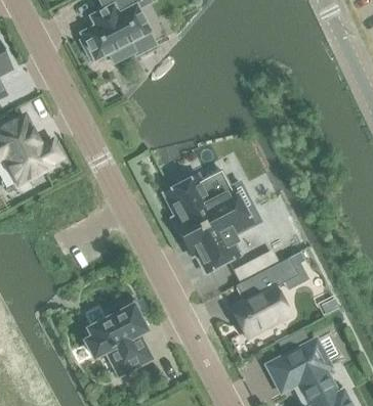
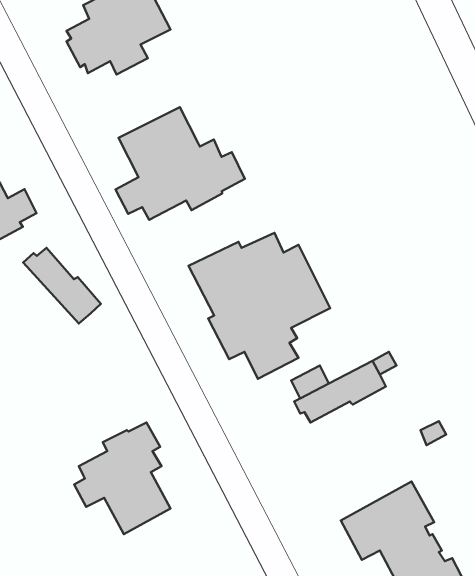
building: none -> [115,107,245,220]
building: none -> [23,248,101,324]
building: [231,285,290,337] -> none

